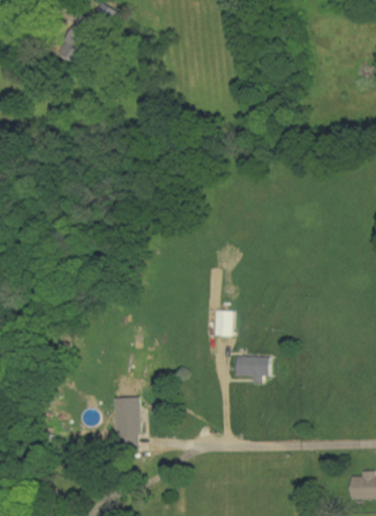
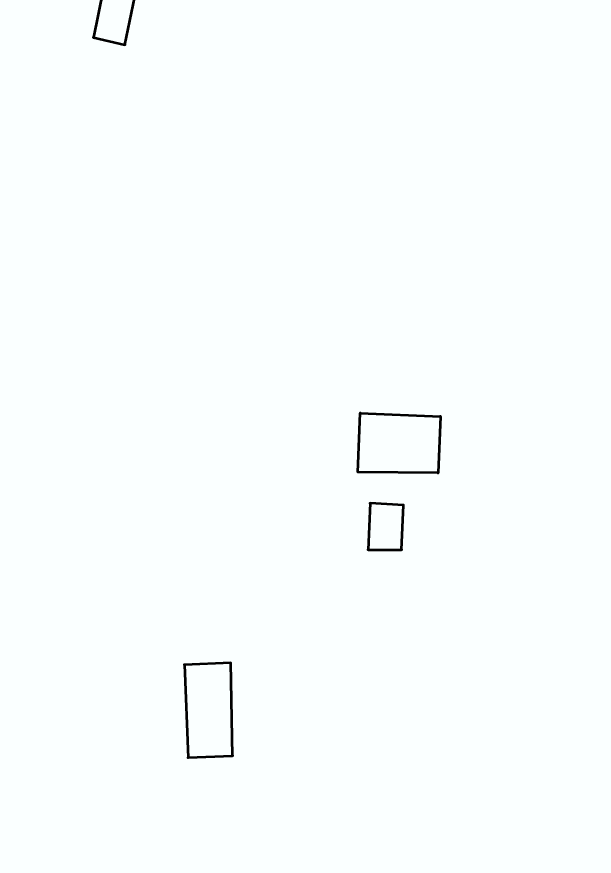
building: none -> [358,413,440,473]
building: [236,355,269,382] -> none

